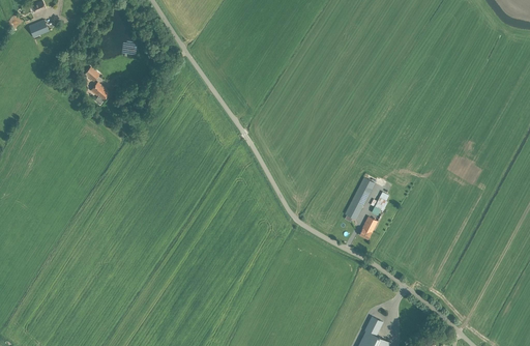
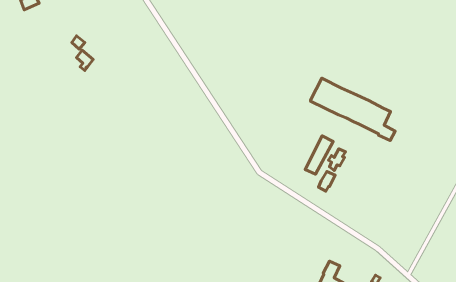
building: none -> [310,78,395,141]

